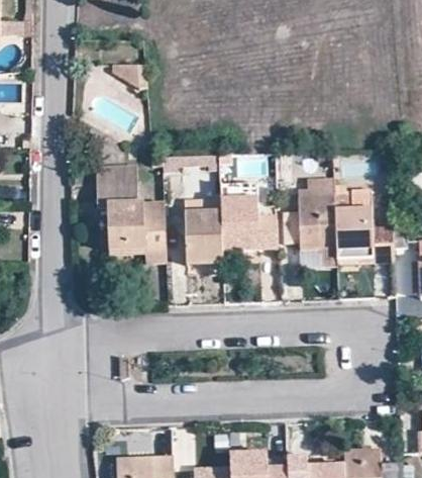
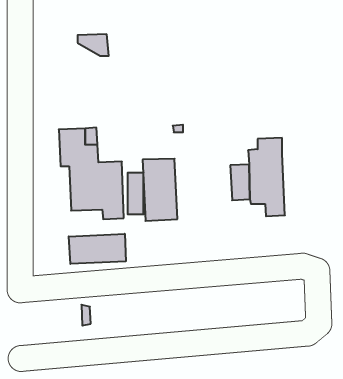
building: [219,181,258,264] -> none
building: [334,192,392,260] -> none
building: none -> [69,234,126,264]

